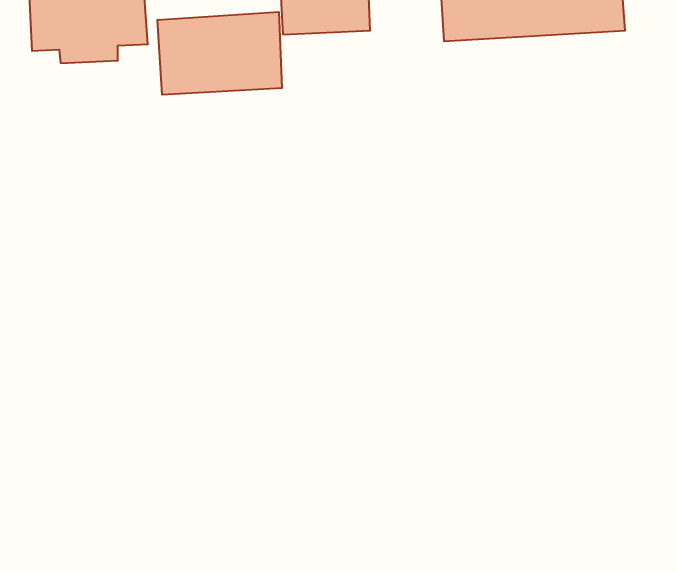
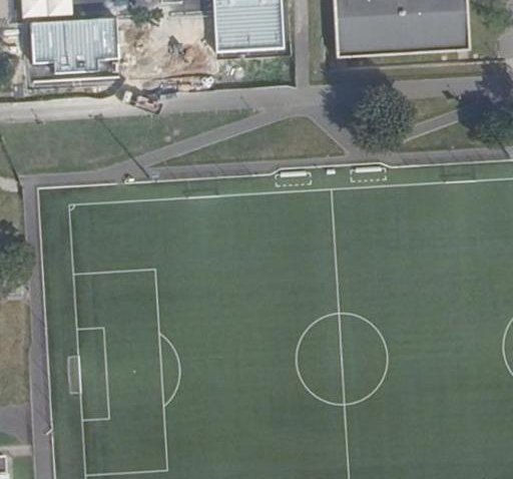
building: [158,12,282,95] -> none

